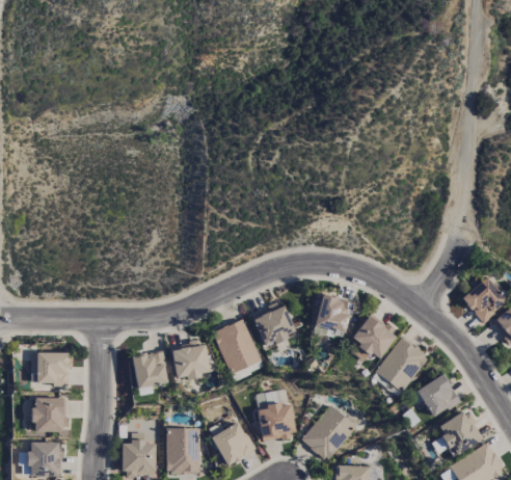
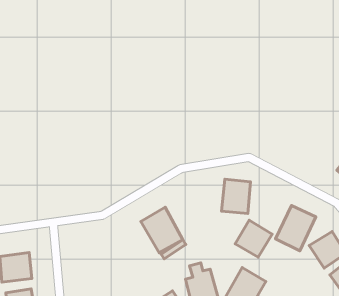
building: [251,302,295,347] -> none
building: [350,312,397,358] -> [235,220,272,257]
building: [171,341,209,378] -> none
building: [131,350,169,389] -> none

